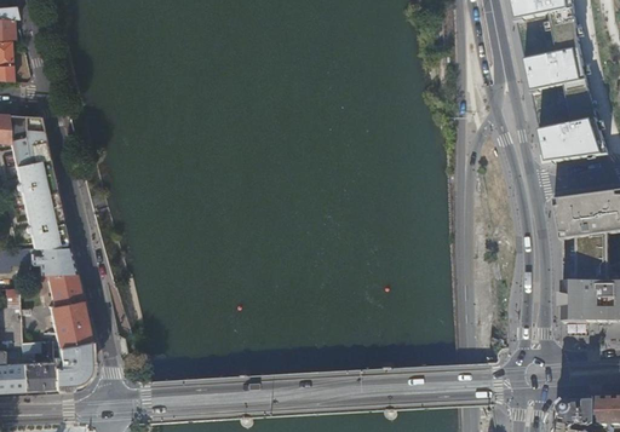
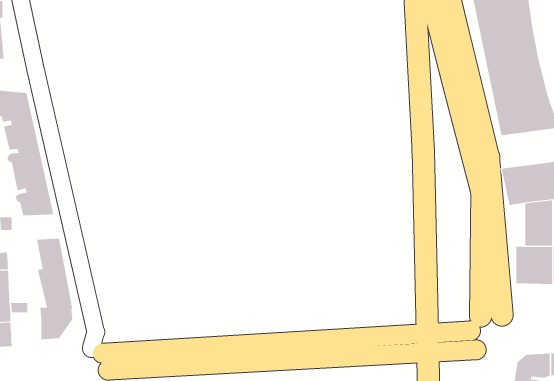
building: [30,248,74,275] -> none
building: [22,362,53,390] -> none

